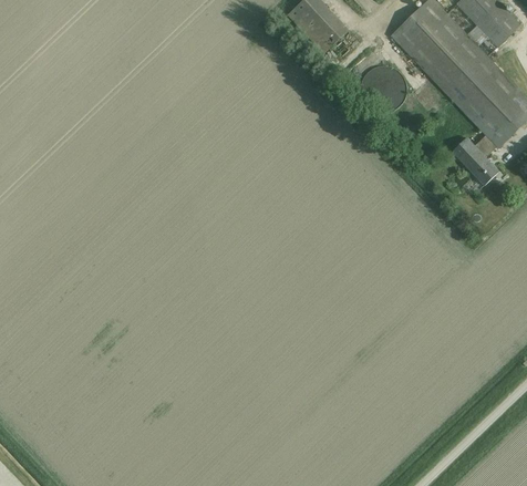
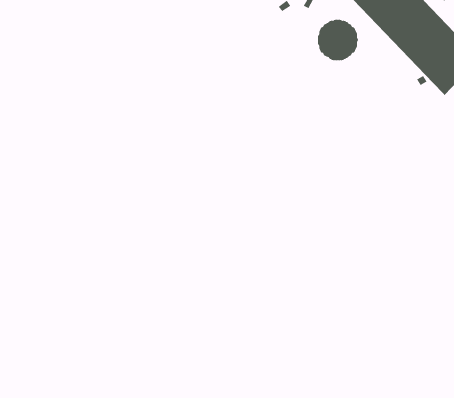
building: [451,134,498,185] -> none

